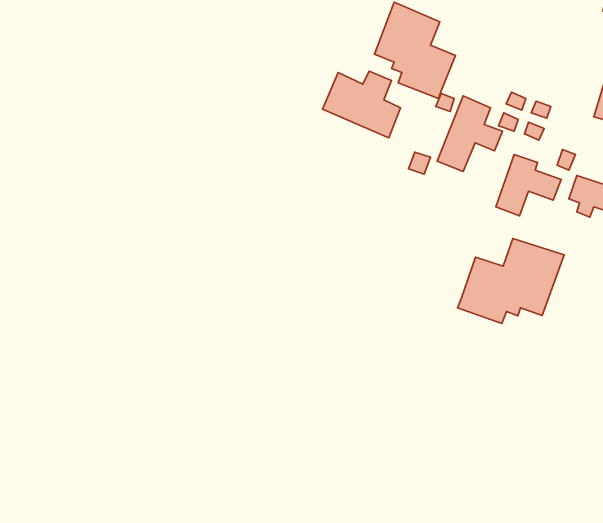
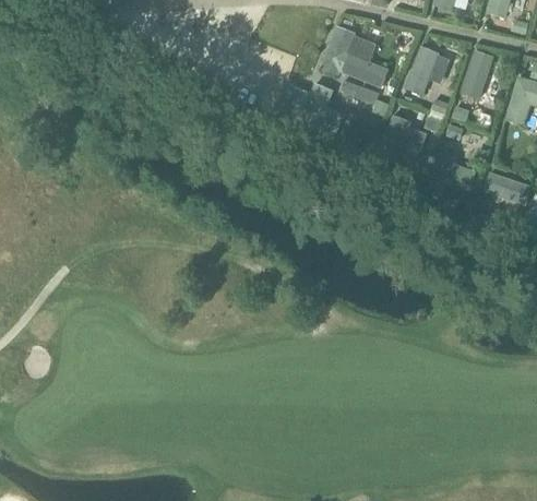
building: none -> [404,45,442,95]
building: none -> [461,49,493,98]
building: [458,239,564,324] -> none

